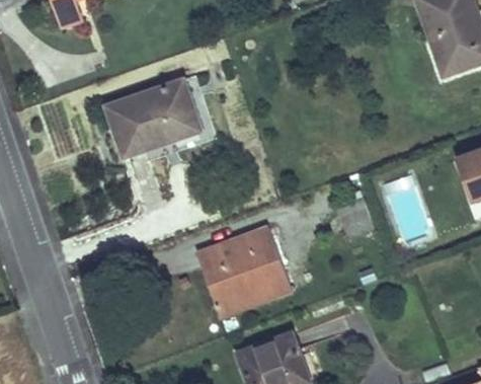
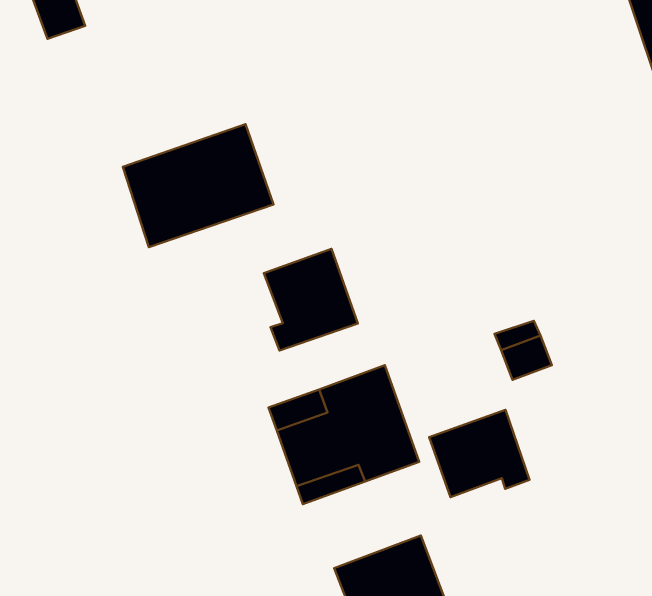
building: none -> [264,249,358,351]
building: none -> [429,410,529,497]

